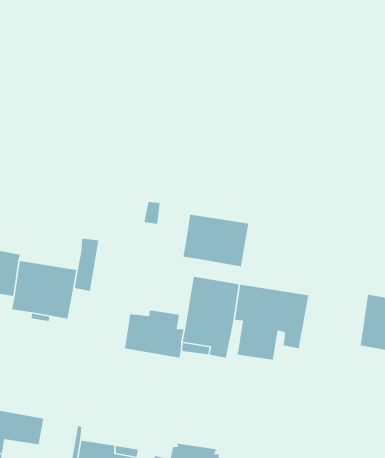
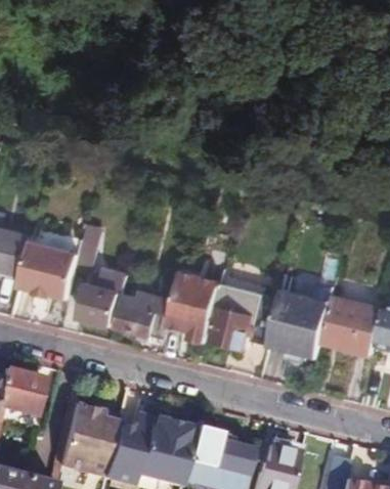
building: [182,214,249,267] -> none
building: none -> [82,267,130,326]
building: none -> [272,288,333,358]

